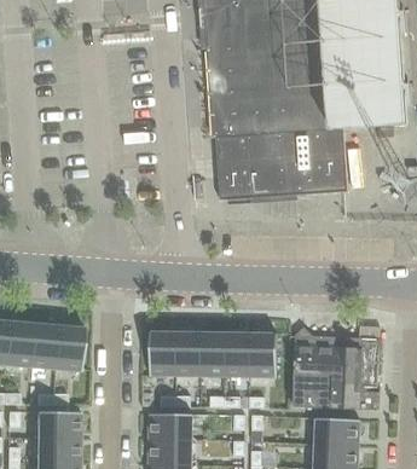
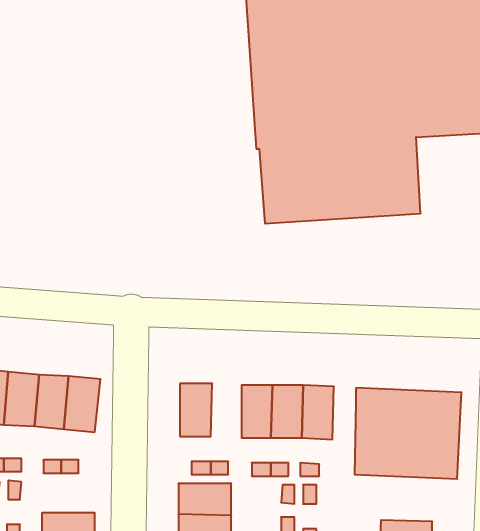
building: [174,330,199,375] -> none
building: [35,410,79,436] -> none
building: [314,417,358,444] -> none

